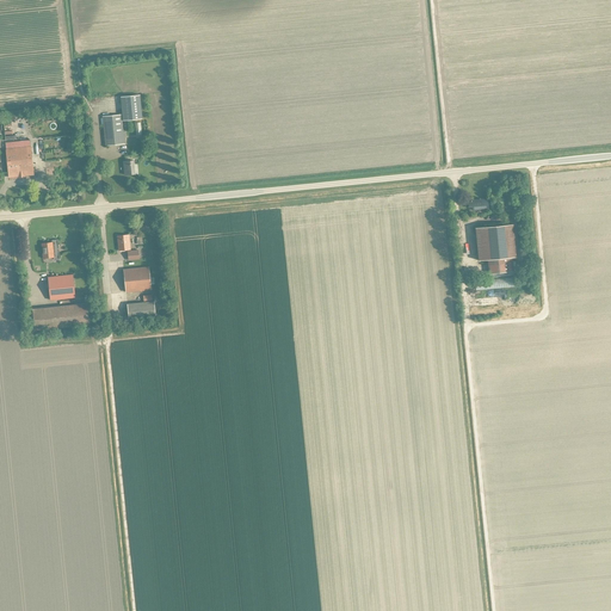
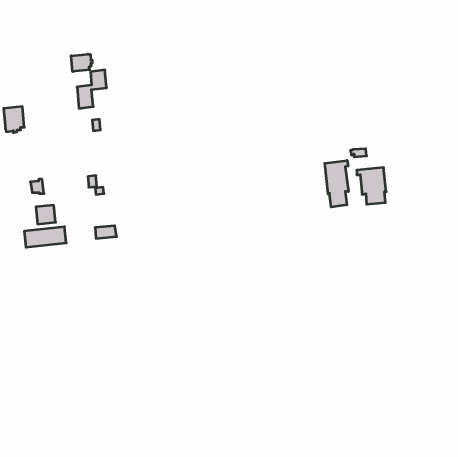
building: none -> [71,54,92,72]
building: none -> [325,160,348,207]
building: [123,266,150,291] -> none

